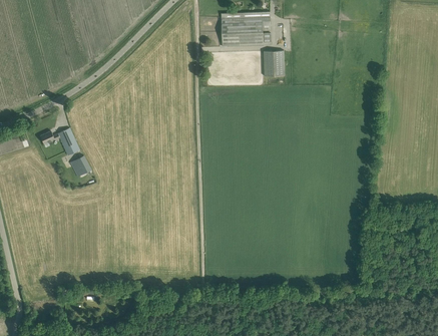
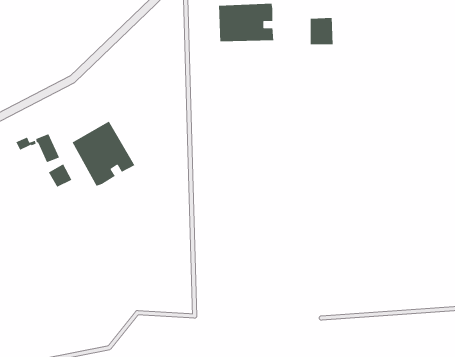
building: [264,51,285,76] -> [310,17,334,45]
building: none -> [71,121,136,187]

